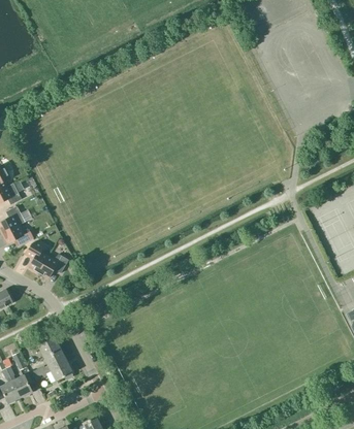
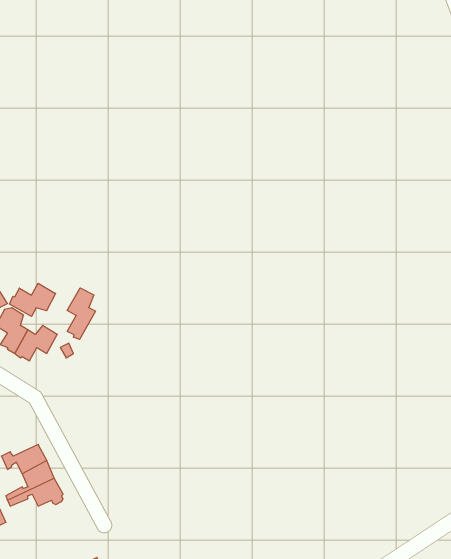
building: none -> [10,283,56,316]
building: none -> [67,288,95,339]

